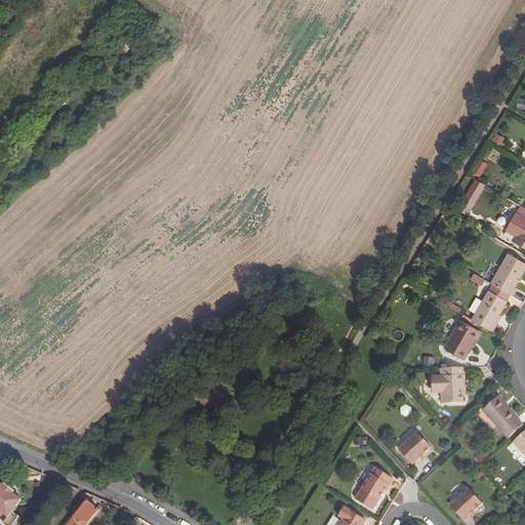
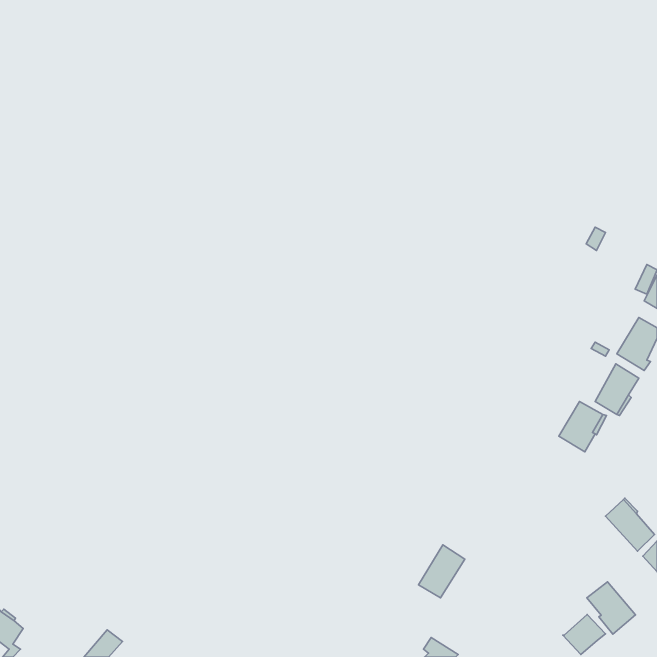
building: [440,366,465,403] -> none
building: [396,432,430,463] -> none
building: none -> [587,582,636,634]
building: [354,467,391,509] -> [418,545,465,598]

